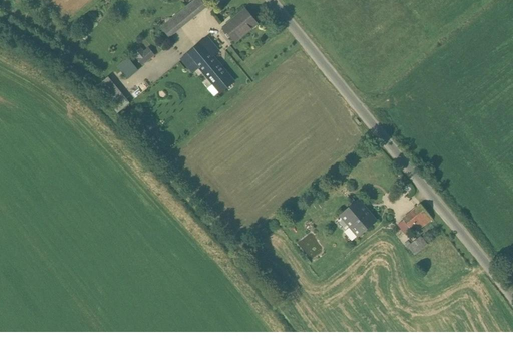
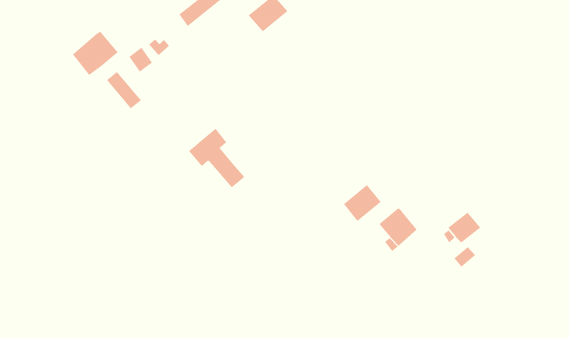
building: [181,36,232,90] -> [188,128,245,188]
building: none -> [72,31,118,76]
building: none -> [343,184,381,222]

